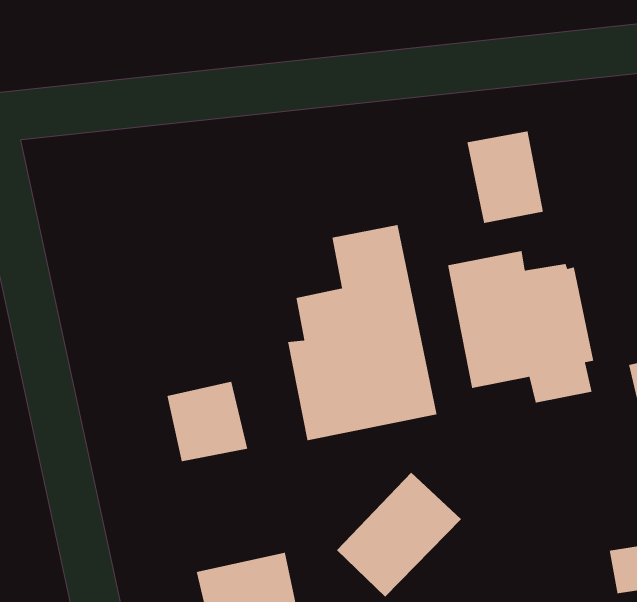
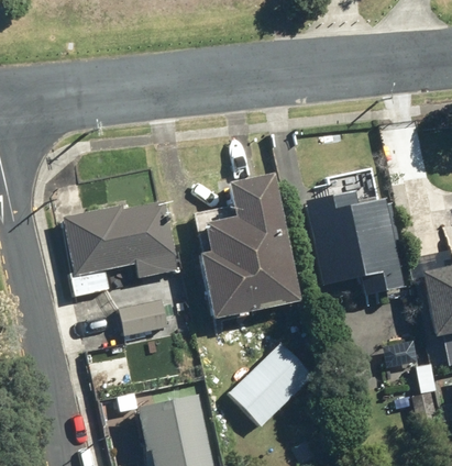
building: [467,130,544,224] -> none
building: none -> [64,201,180,297]

